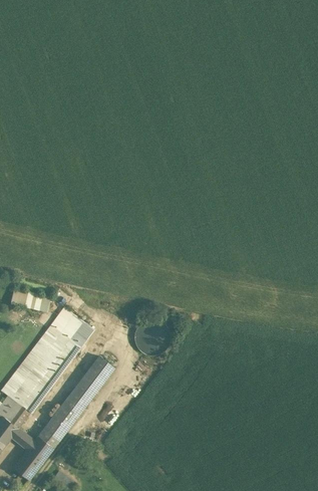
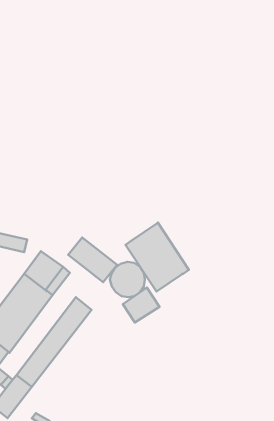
building: none -> [125,222,189,291]
building: none -> [68,238,117,282]
building: none -> [123,288,159,322]

